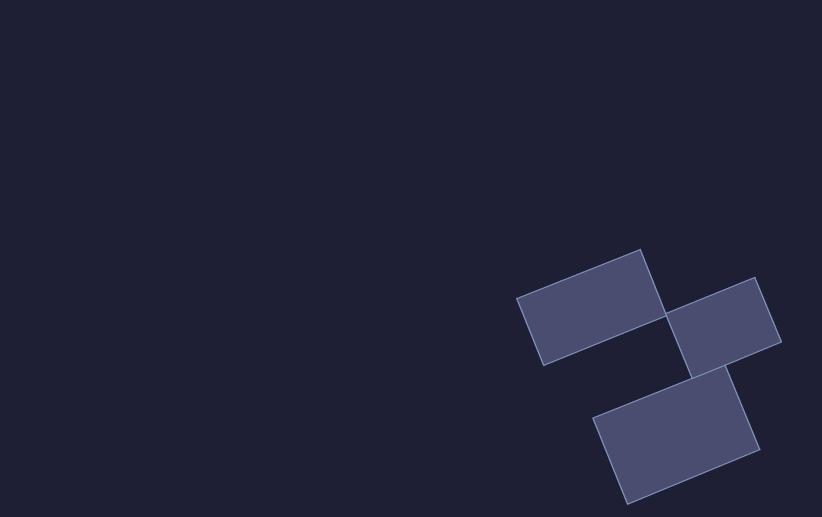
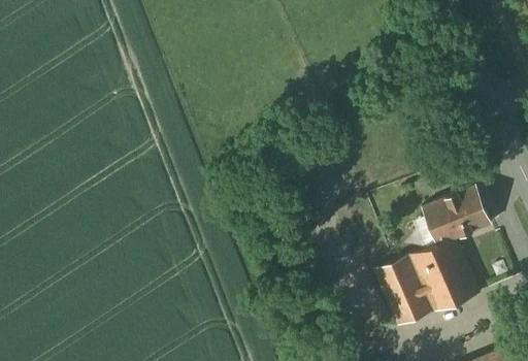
building: [517,249,666,366] -> none

